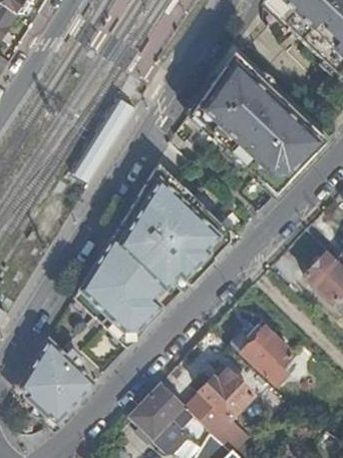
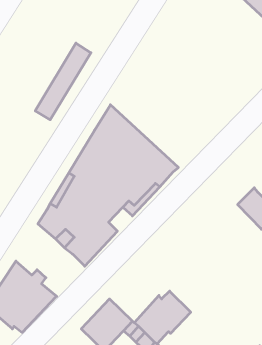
building: [194,50,327,188] -> none
building: [242,325,294,386] -> none

